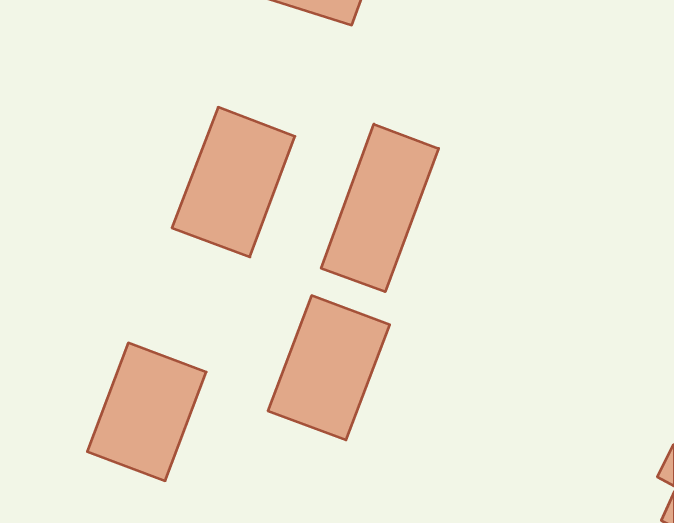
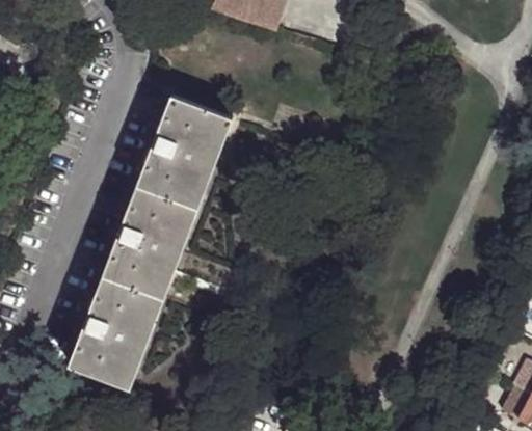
building: [321,124,439,292] -> none
building: [268,296,390,440] -> [101,189,196,302]

